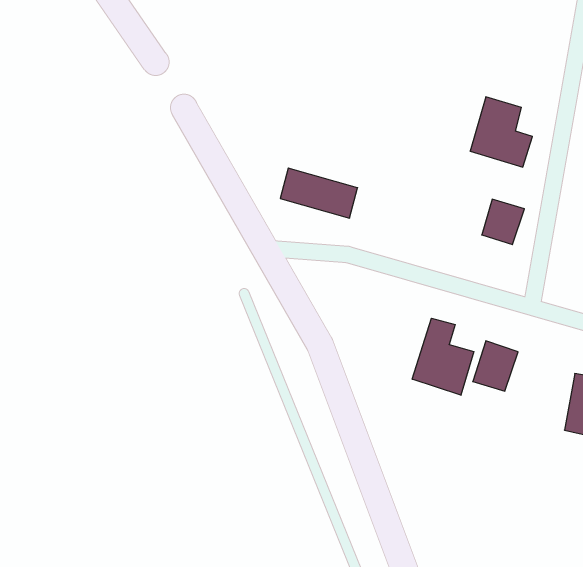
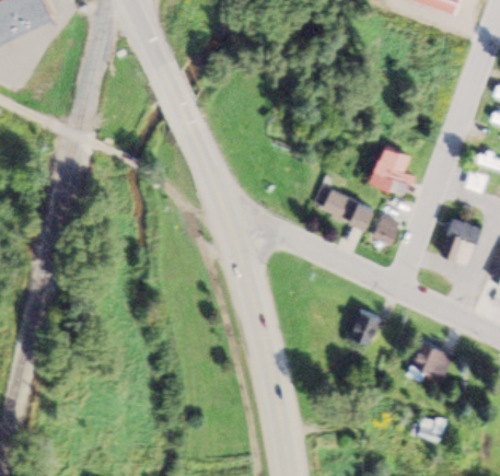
building: [280,168,358,218] -> [323,188,376,229]
building: [412,318,474,395] -> none

